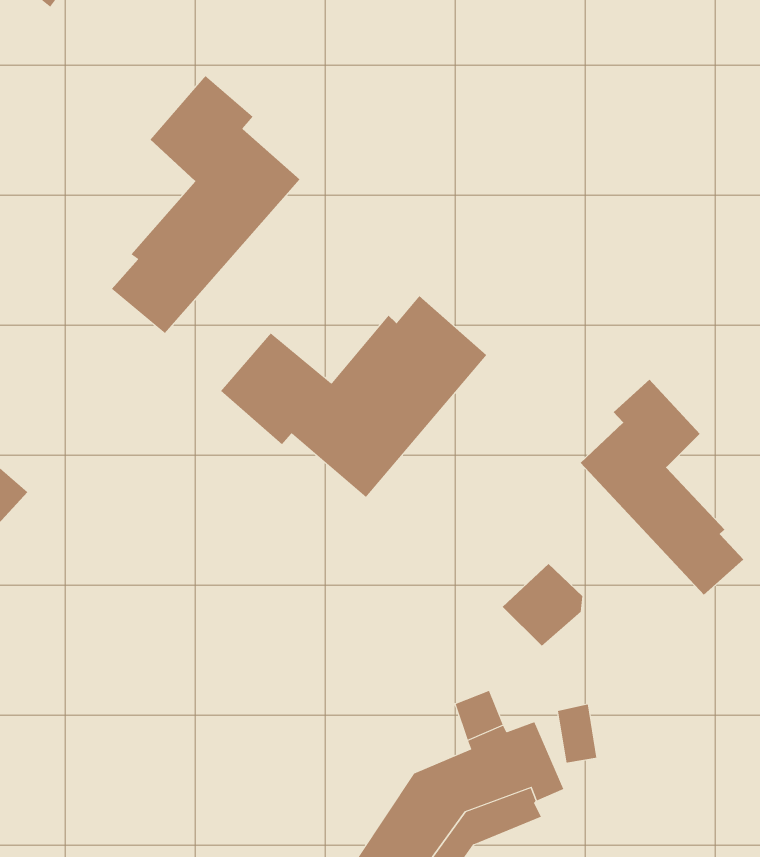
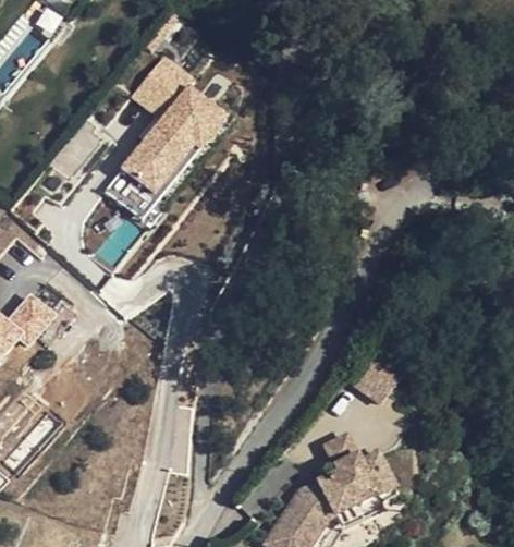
building: [220,295,487,498] -> none
building: [580,379,744,596] -> none

